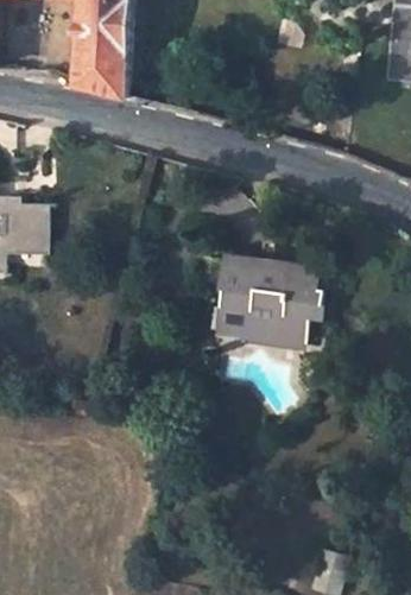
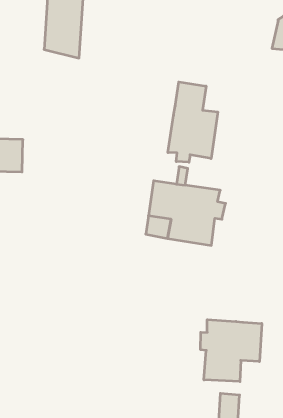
building: none -> [168,82,218,162]
building: none -> [201,320,262,382]

